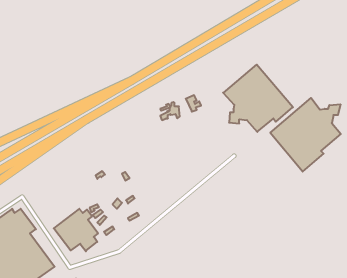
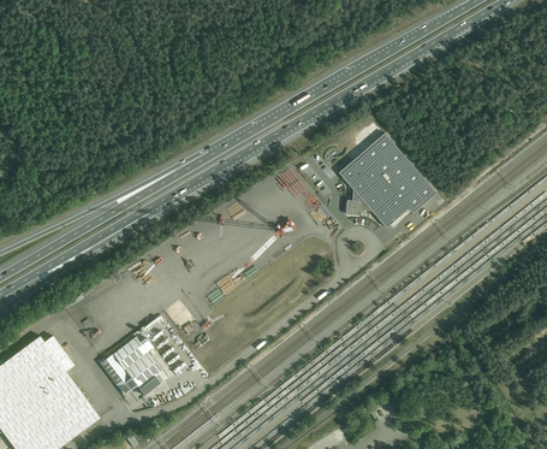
building: [270,98,341,172] -> none

